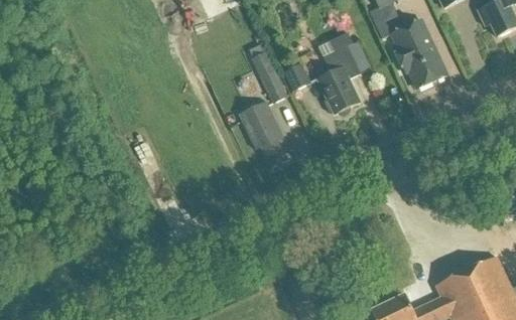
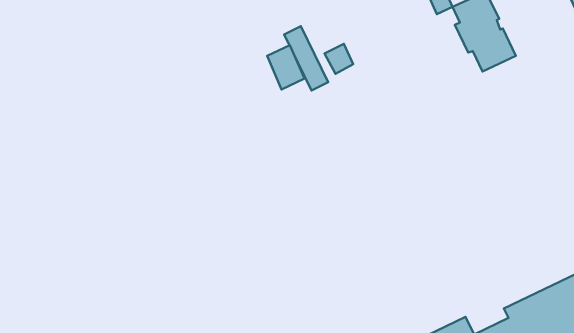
building: [318,31,361,114] -> none
building: [240,100,290,165] -> none

